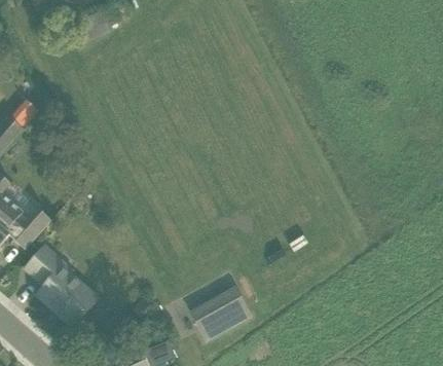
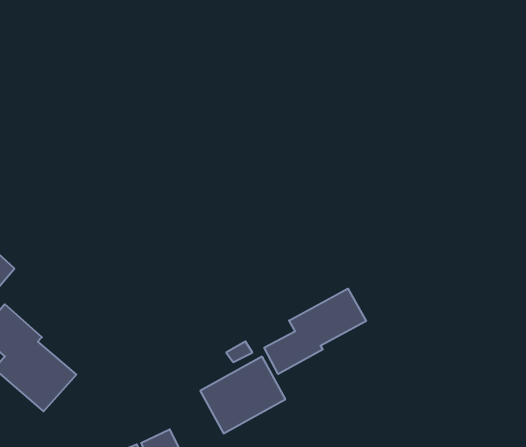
building: none -> [264,289,366,374]

